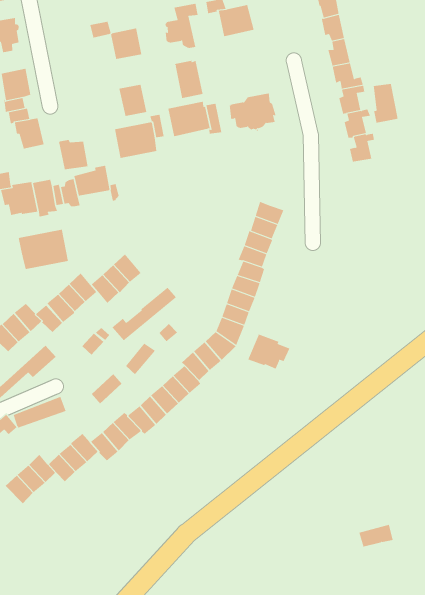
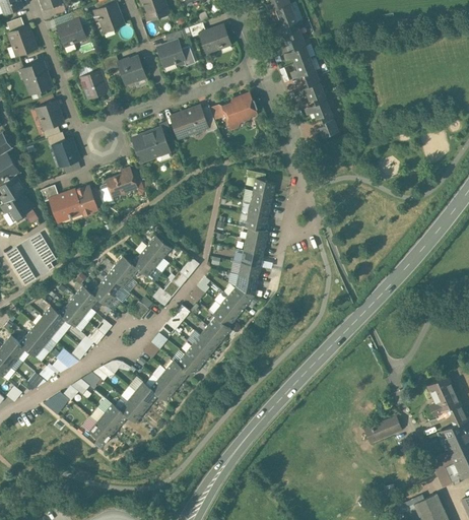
building: [174,60,203,99] -> none
building: [373,83,398,123] -> none
building: [119,84,147,117] -> [80,71,106,99]
building: [59,139,88,170] -> none
building: [18,229,69,270] -> none
building: [248,333,290,369] -> none

